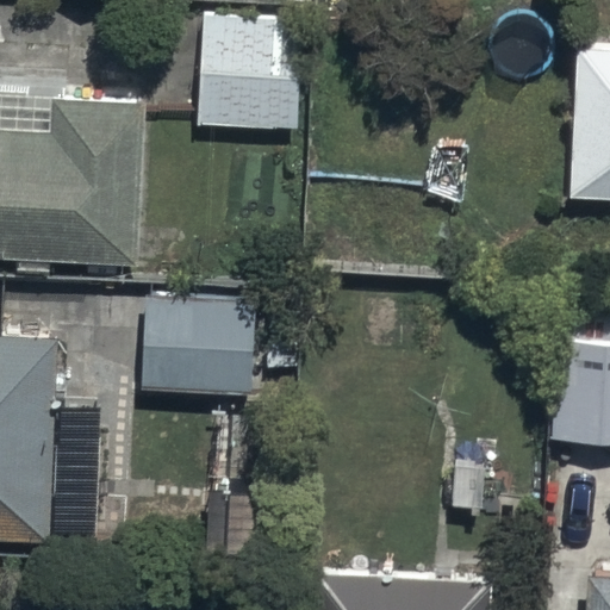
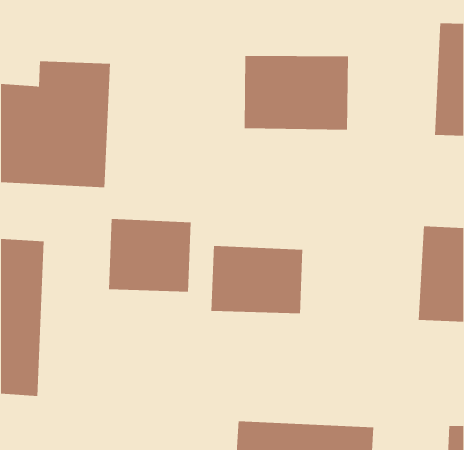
building: [197,27,298,137] -> none
building: none -> [244,55,348,130]
building: none -> [211,245,303,314]

